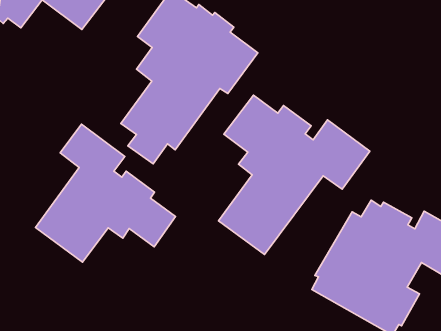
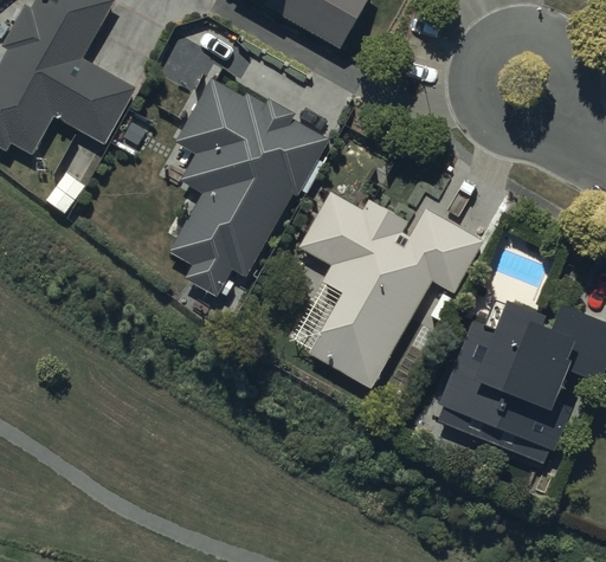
building: [36,124,175,262] -> none

